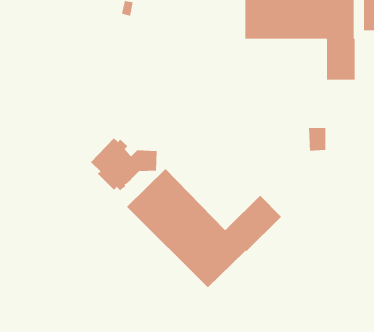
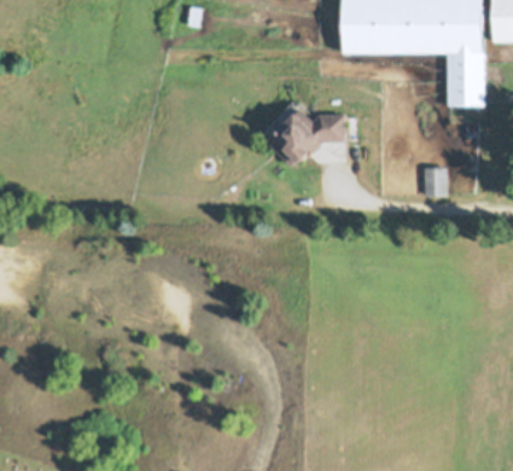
building: [90,138,158,192] -> [261,99,346,168]
building: [126,168,282,288] -> none

